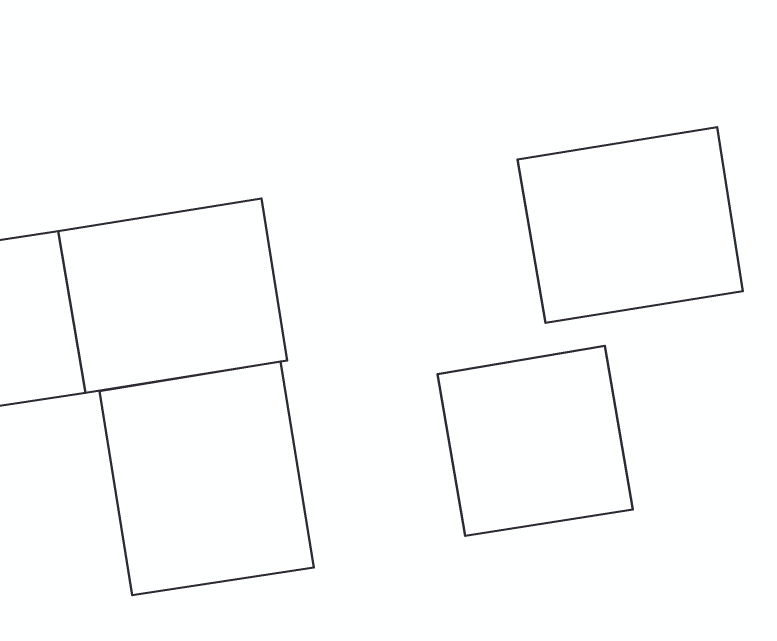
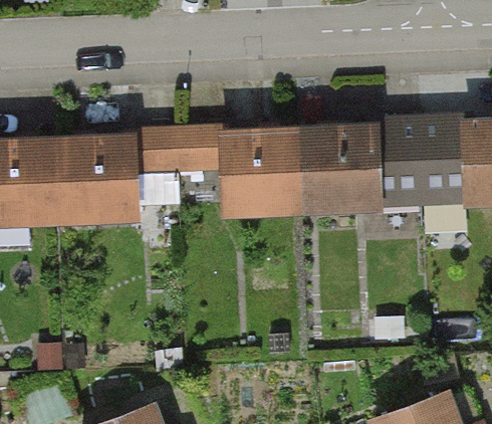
building: [438,346,633,536] -> [225,128,318,218]
building: [100,362,314,595] -> none

